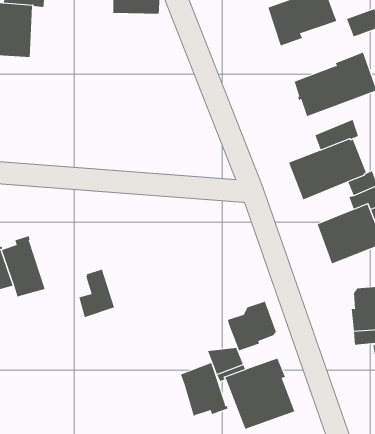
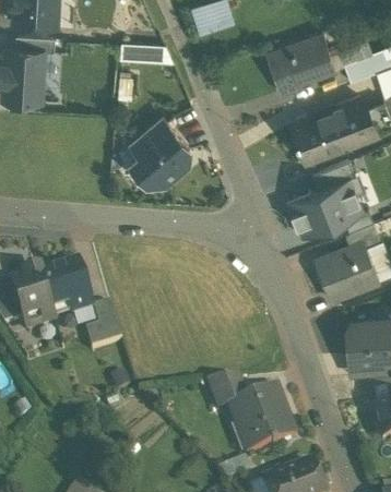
building: none -> [130,118,190,184]
building: none -> [40,264,95,323]
building: [227,301,277,351] -> none
building: [180,362,228,417] -> none

